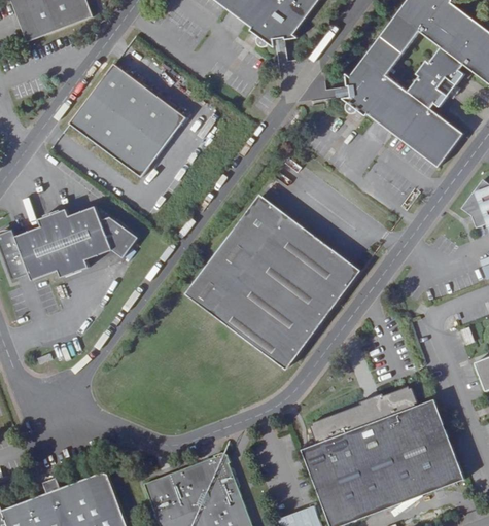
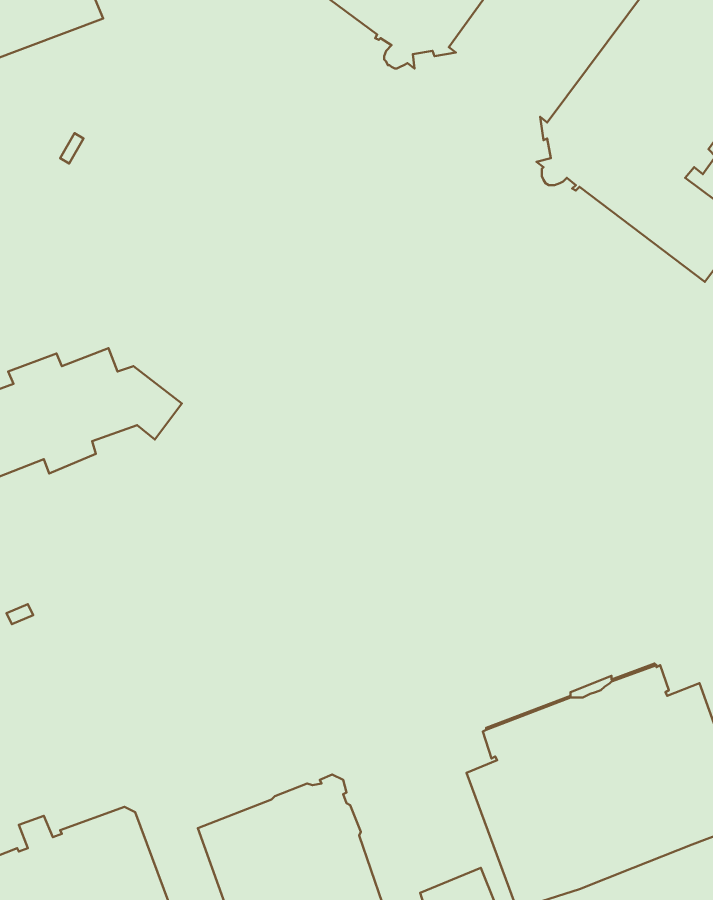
building: [69,63,185,176] -> none
building: [185,195,360,367] -> none

